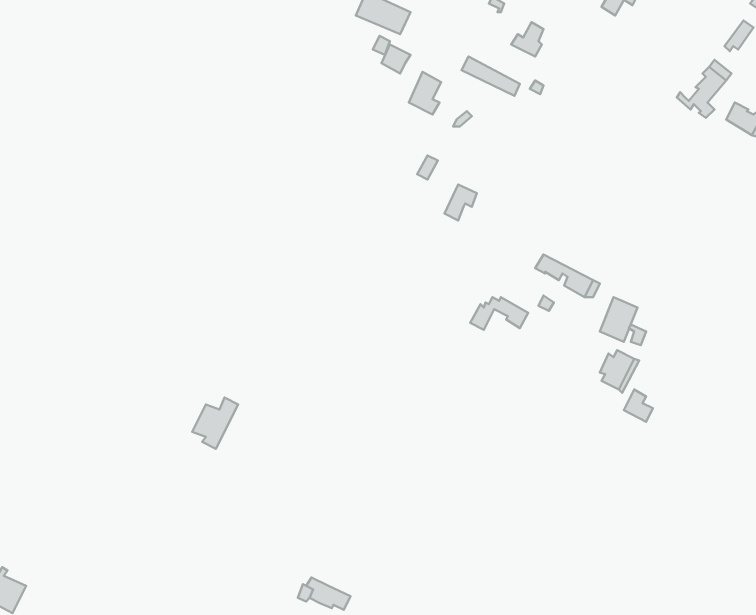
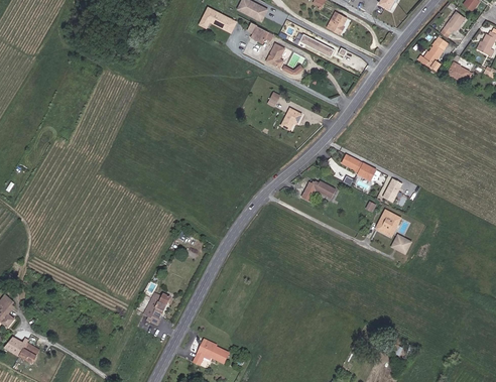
building: none -> [199,8,235,32]
building: [192,398,238,449] -> [143,291,170,322]

